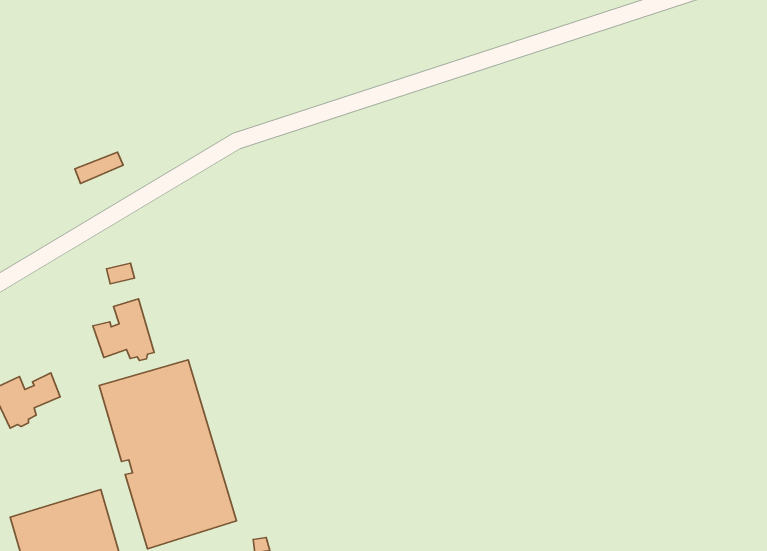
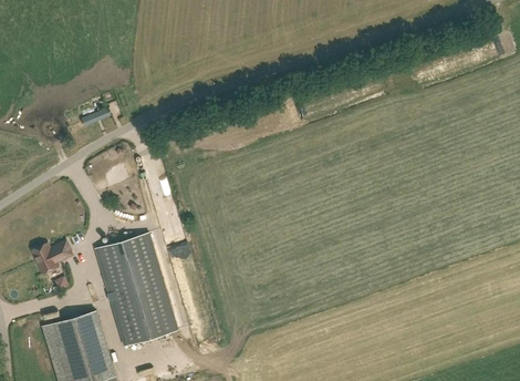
building: [93,299,154,360] -> none

